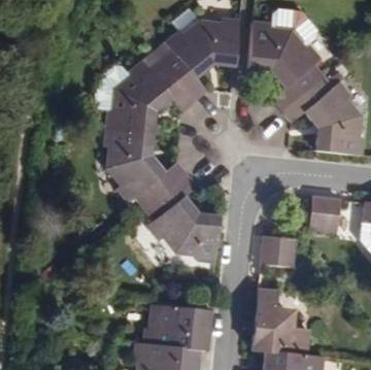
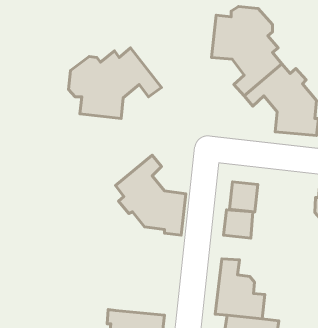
building: [160,19,240,101] -> none
building: [102,130,183,208] -> none
building: [309,195,340,228] -> [230,182,258,212]
building: [143,306,210,351] -> none

